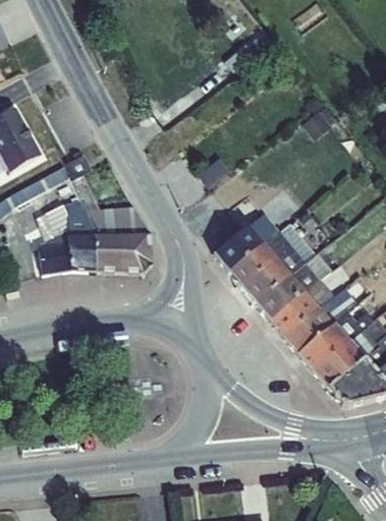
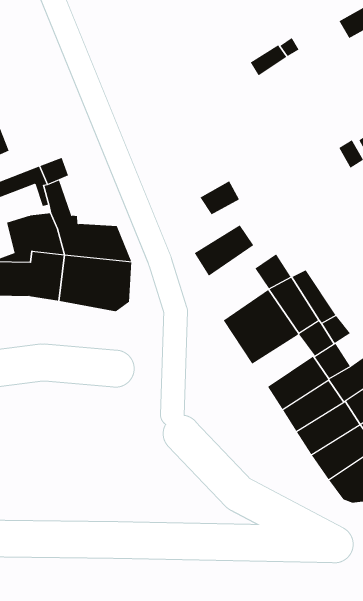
building: [215,226,263,271] -> [194,225,254,277]
building: [257,275,306,320] -> none

